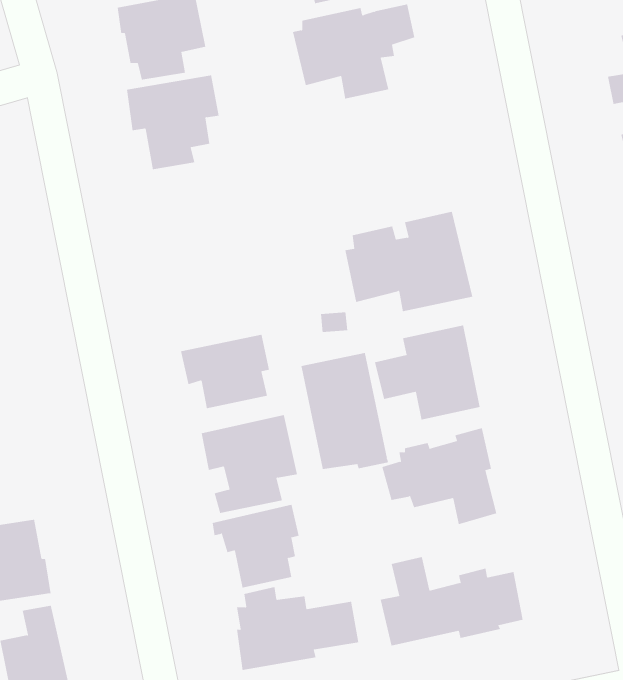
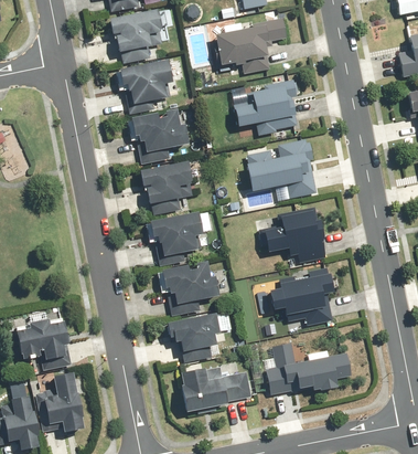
building: none -> [232,78,299,133]
building: none -> [130,110,186,163]
building: none -> [139,160,194,214]
building: [301,352,389,470] -> none

